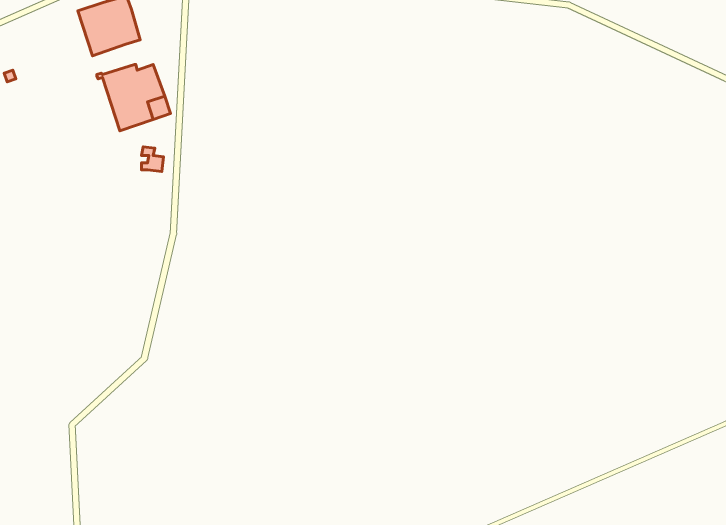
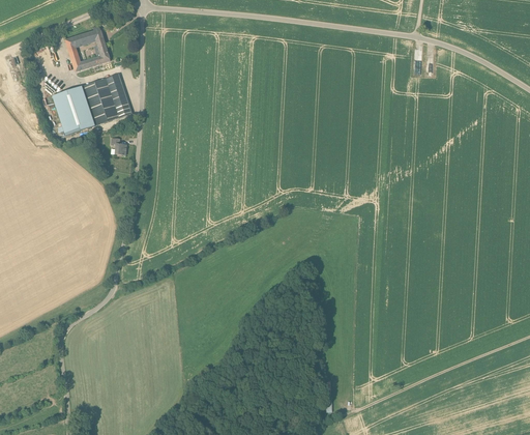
building: none -> [52,86,95,136]

